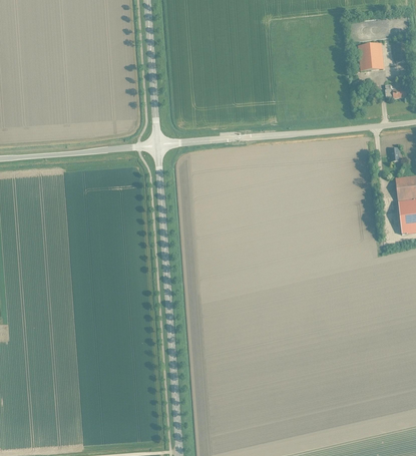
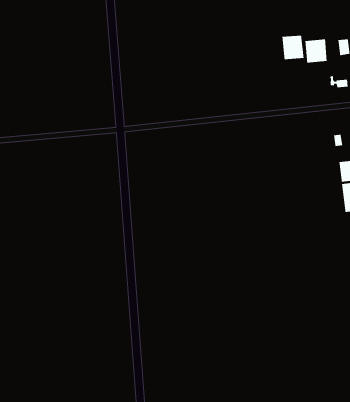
building: none -> [281,35,304,60]

